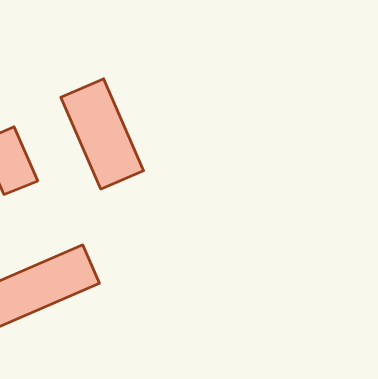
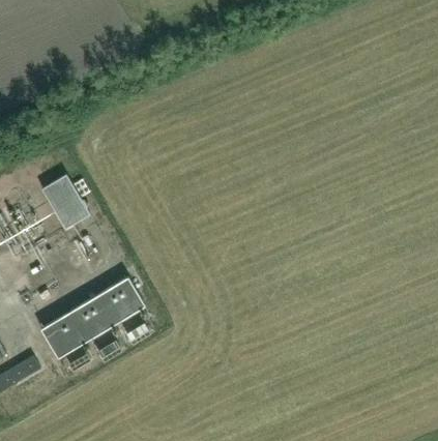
building: [61,79,144,189] -> none

